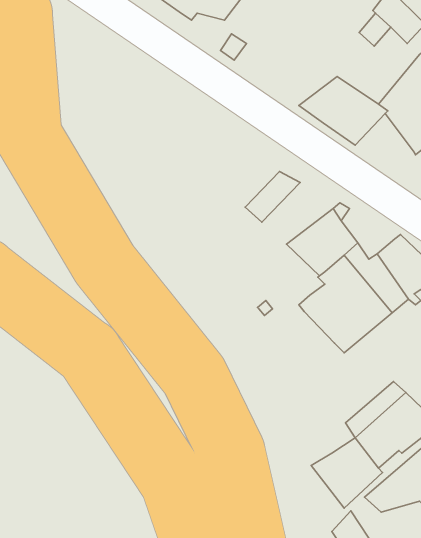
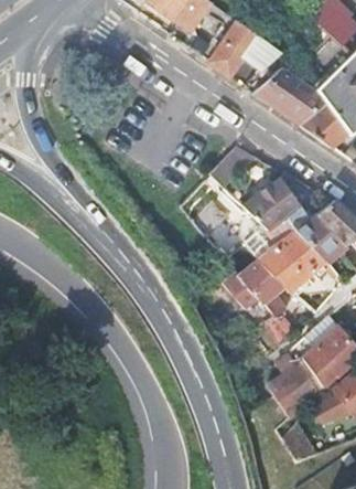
building: none -> [211,18,282,87]
building: none -> [301,102,348,148]
building: none -> [225,261,287,316]

